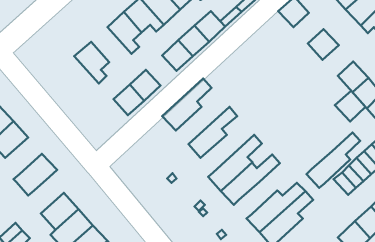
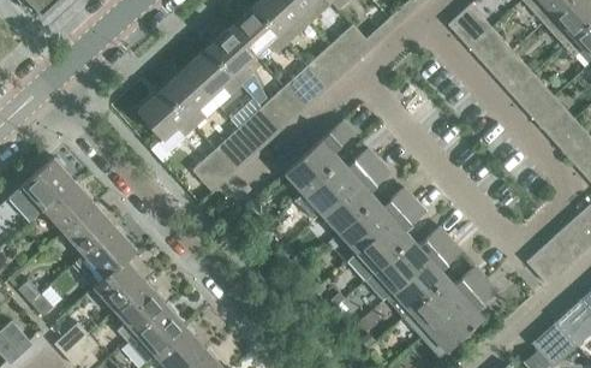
building: none -> [470,28,512,71]
building: none -> [185,48,241,97]
building: none -> [262,88,305,130]
building: none -> [138,89,196,152]
building: [335,91,366,121] -> [511,73,554,117]
building: none -> [304,148,380,213]
building: none -> [192,149,237,192]
building: none -> [339,188,414,253]
building: [307,132,360,188] -> [386,239,461,317]
building: none -> [64,203,115,255]
building: none -> [94,259,147,310]

